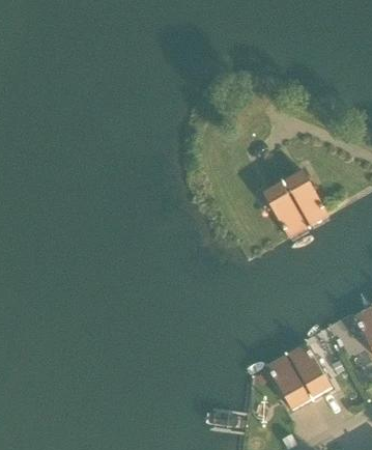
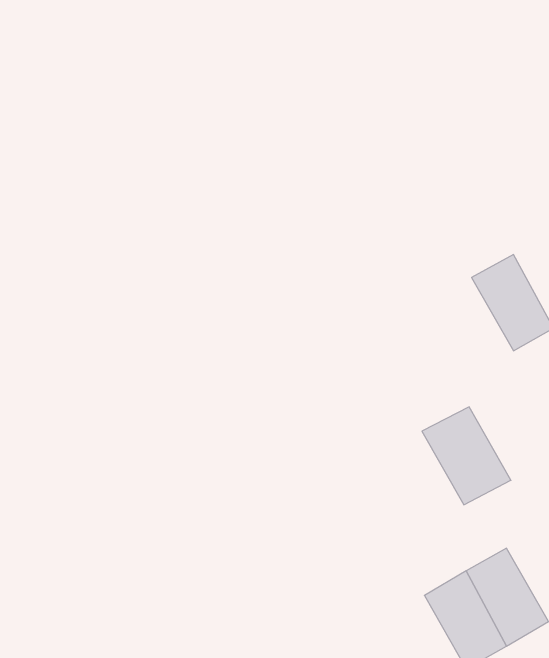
building: [258,179,311,237] -> [422,407,511,505]

